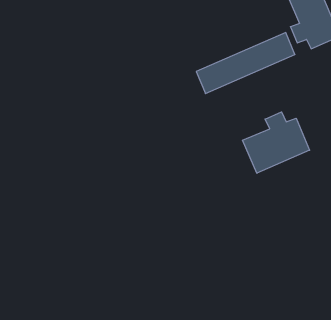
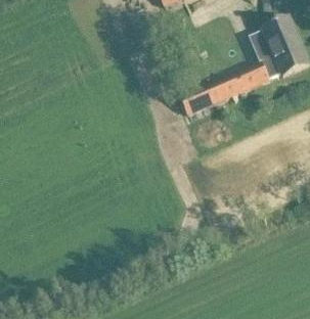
building: [243,112,310,173] -> none

